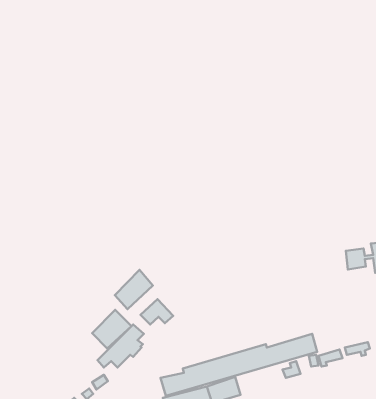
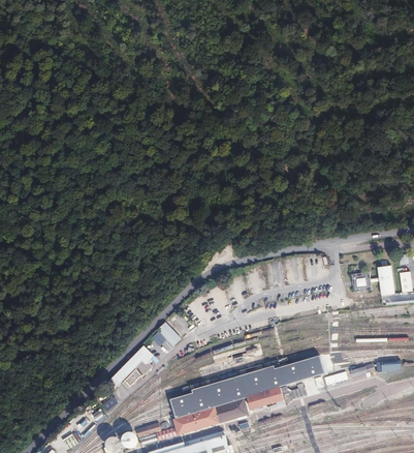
building: [115,270,153,309] -> none
building: [92,310,132,349] -> none
building: none -> [247,387,284,410]

